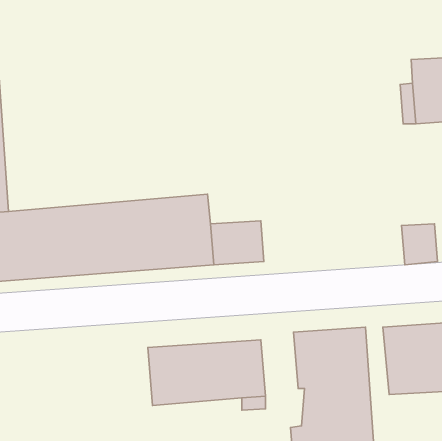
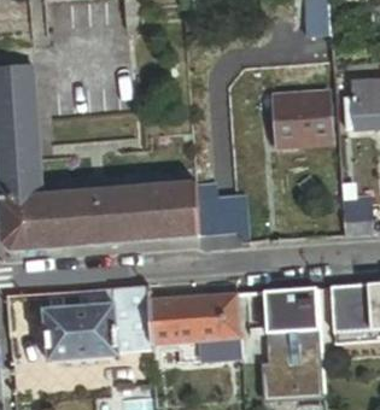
building: none -> [273,90,331,143]
building: none -> [43,287,153,361]

